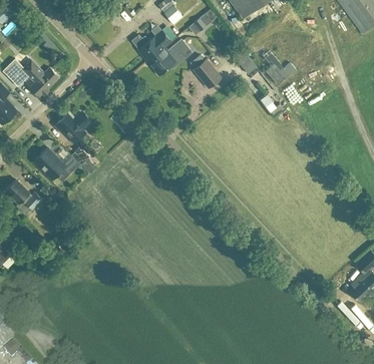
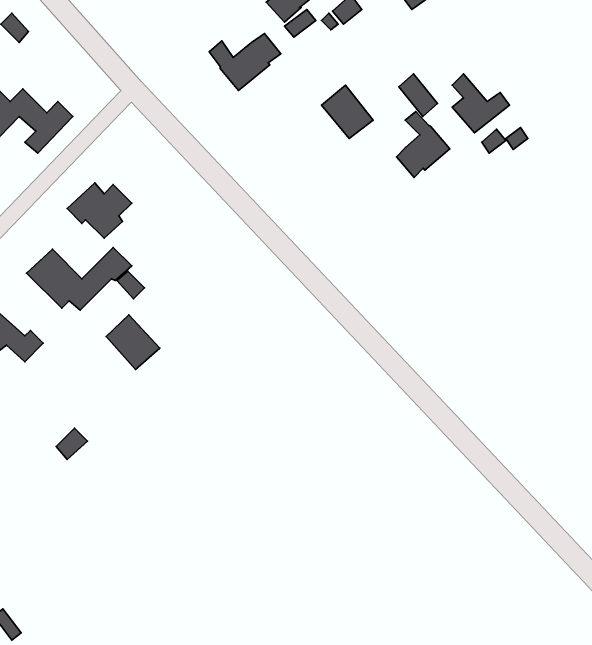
building: [147,39,192,75] -> none
building: none -> [396,112,450,177]
building: none -> [106,315,160,370]

